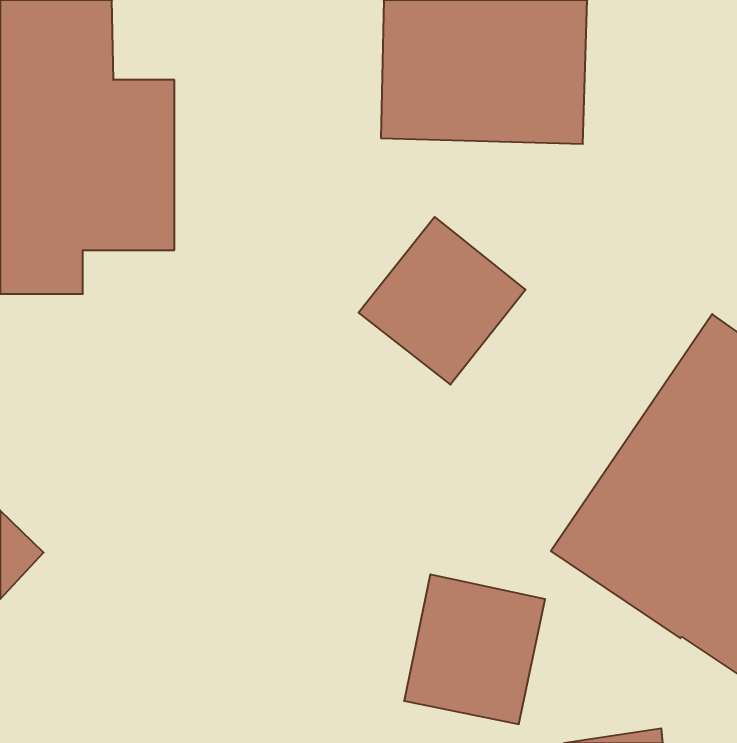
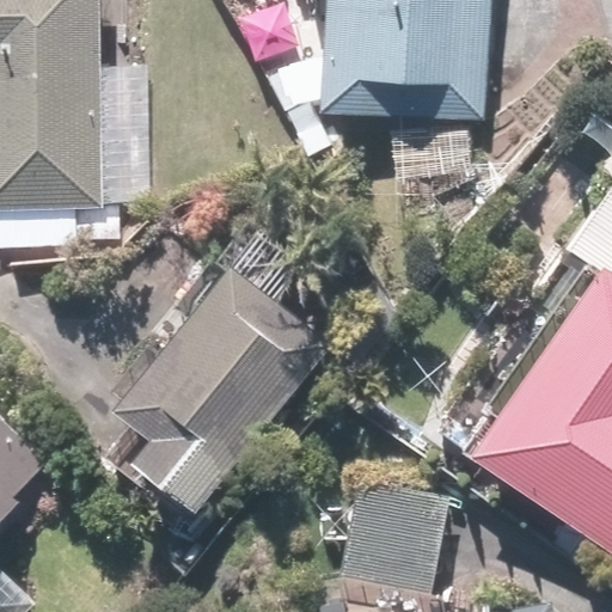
building: [359,217,526,385] -> none
building: none -> [103,262,329,520]

